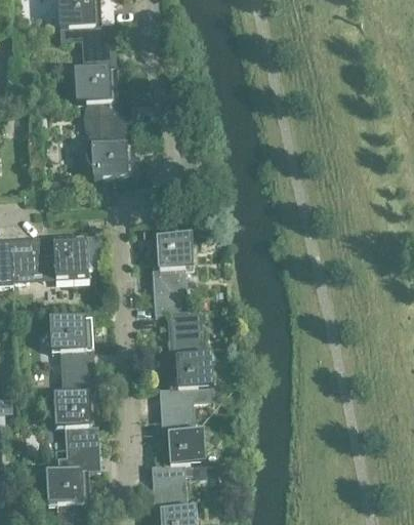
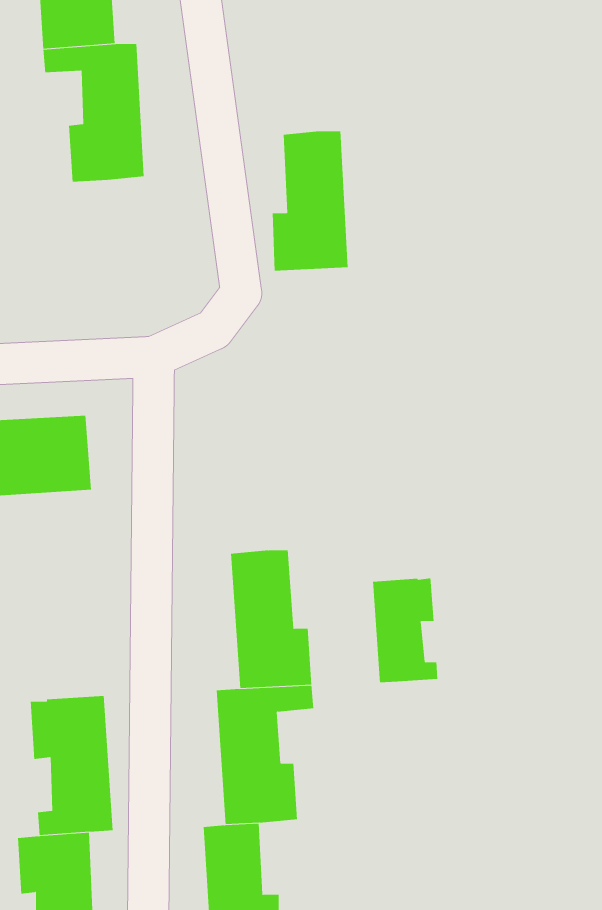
building: [91,100,134,179] -> [272,131,348,271]
building: [150,235,194,313] -> none
building: [49,317,95,395] -> none
building: none -> [372,577,438,683]

